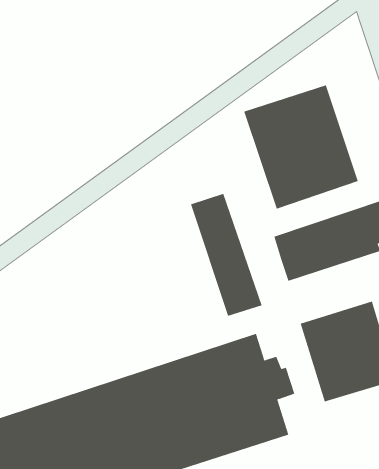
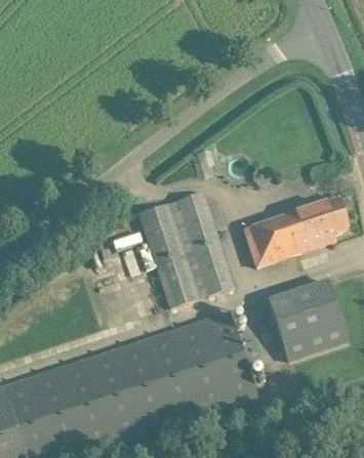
building: [243,84,358,209] -> none
building: none -> [136,201,203,307]

